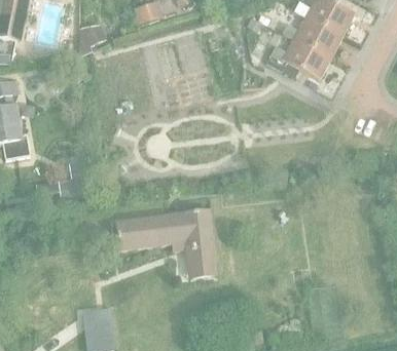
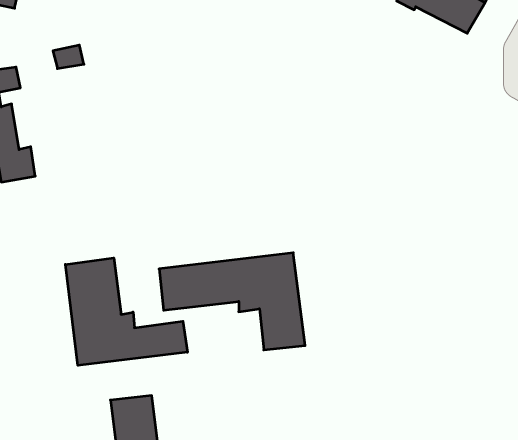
building: [269,38,330,79] -> none
building: none -> [65,258,187,365]

